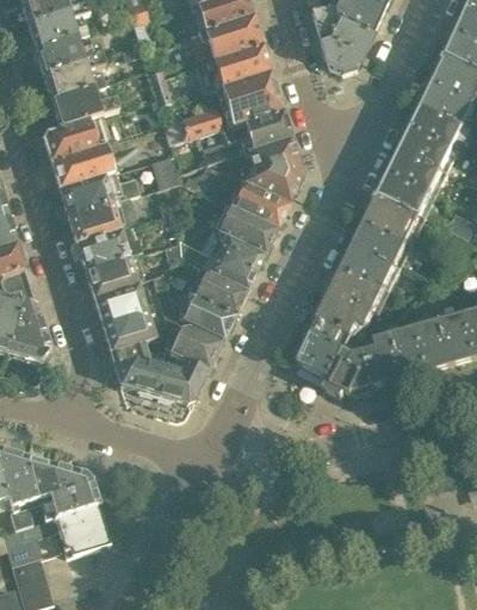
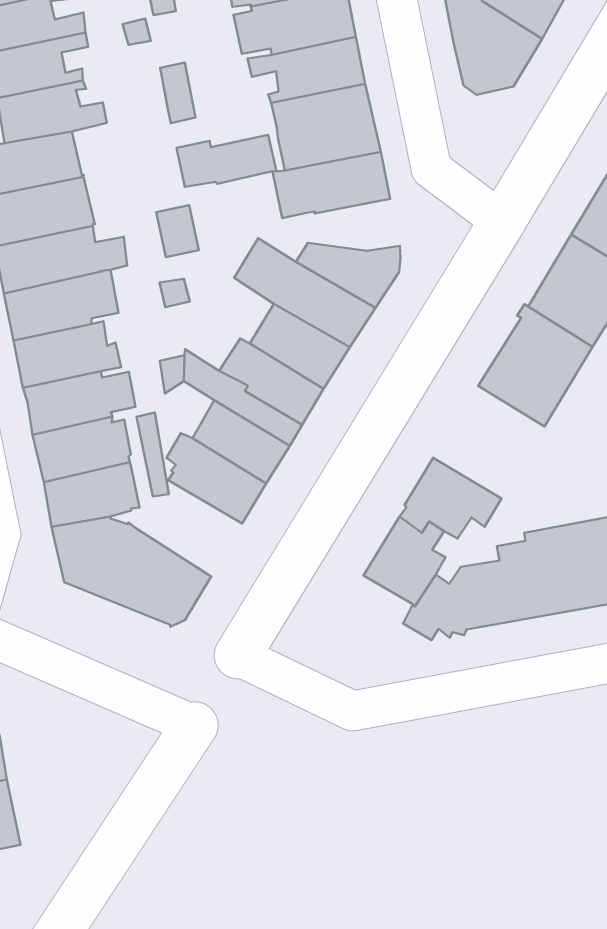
building: [242,135,299,167] -> none
building: [332,241,396,306] -> none
building: [156,324,221,369] -> none

